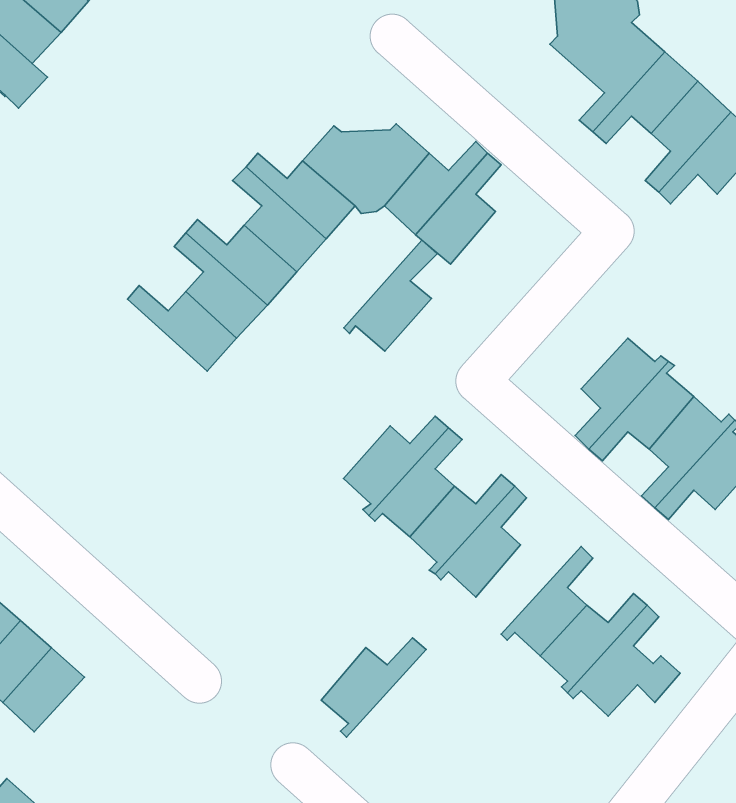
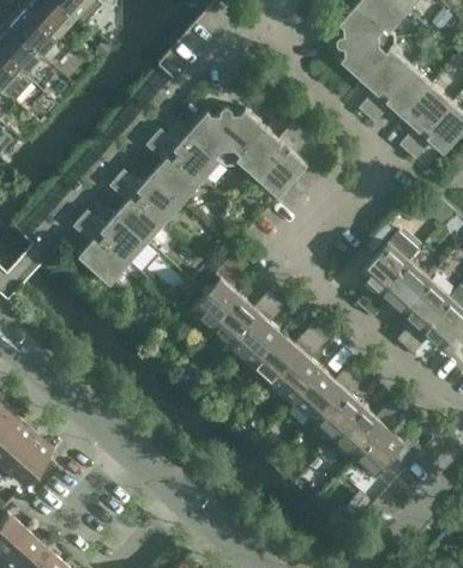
building: [344,240,437,351] -> [188,262,246,331]
building: none -> [73,220,130,286]
building: [321,638,426,737] -> [295,365,360,427]

